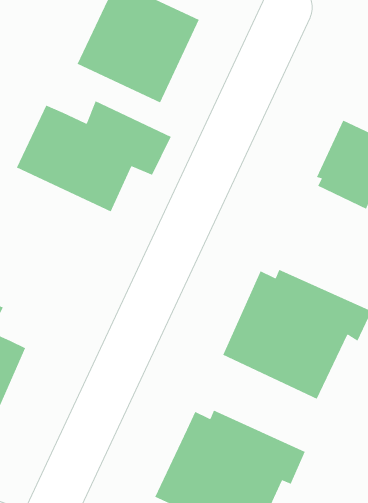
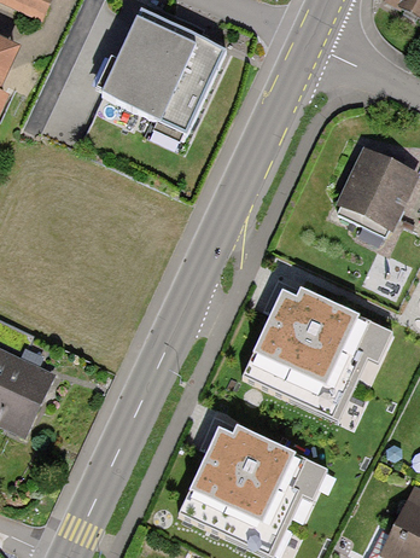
building: [16,100,172,213] -> none

